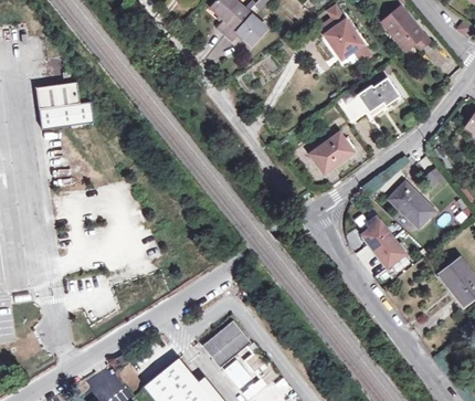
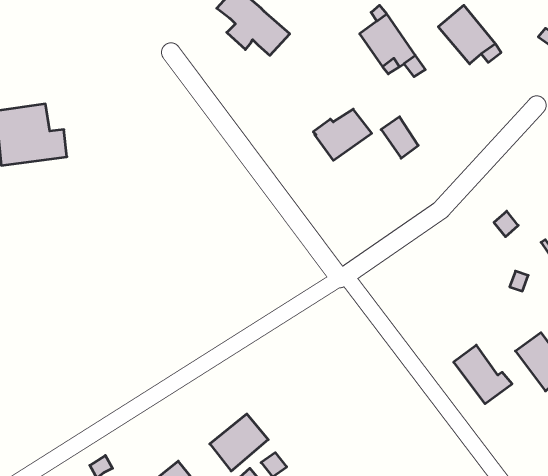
building: [356,78,399,113] -> none
building: [307,134,352,173] -> [313,109,372,160]
building: [389,183,433,228] -> none
building: [362,222,408,267] -> [454,345,512,404]

